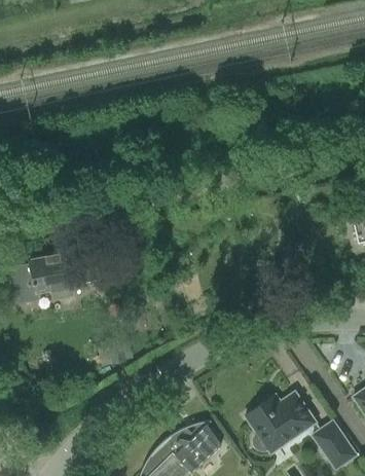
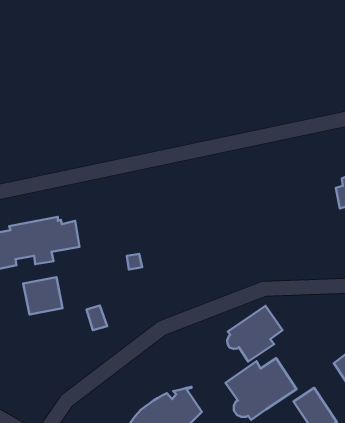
building: none -> [23,277,63,315]
building: none -> [227,306,283,362]

